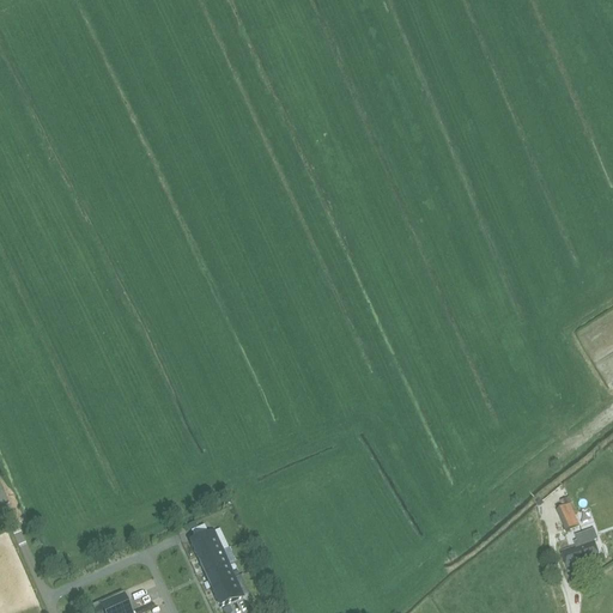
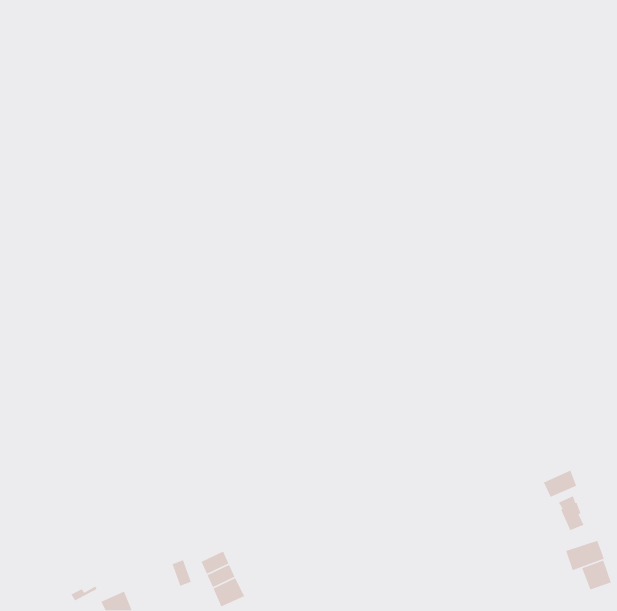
building: none -> [543,470,577,498]
building: [189,526,221,557] -> none
building: none -> [581,559,612,590]

